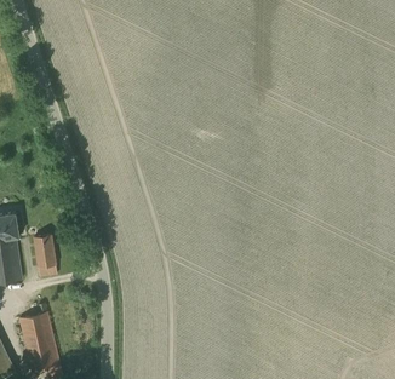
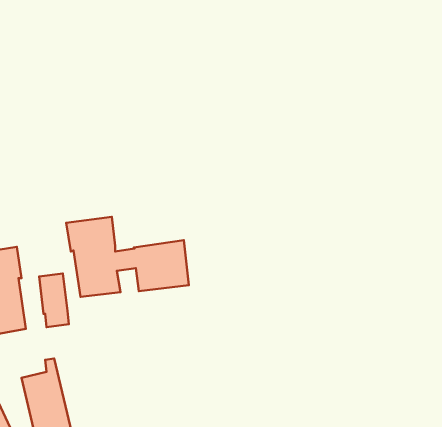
building: none -> [66,217,189,297]

